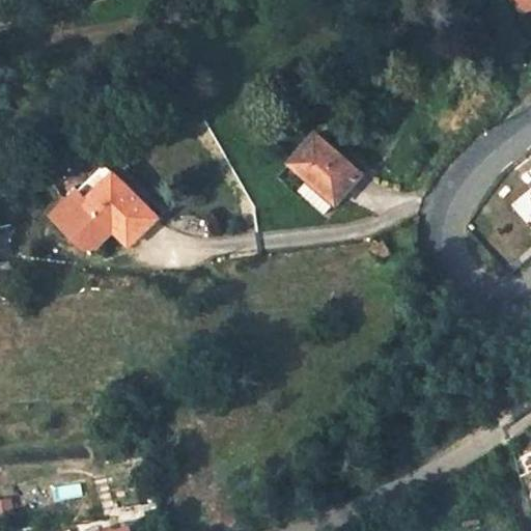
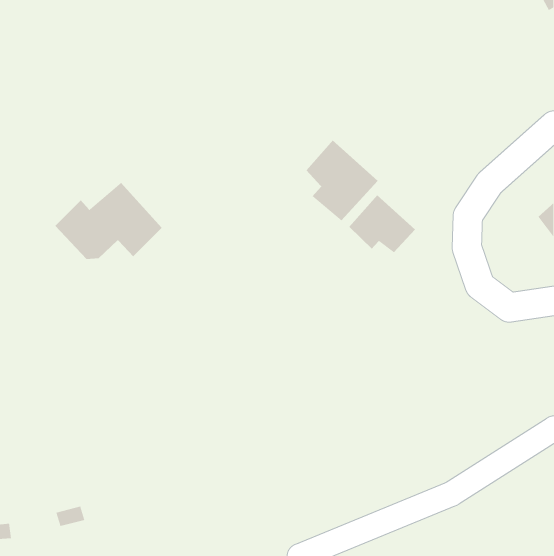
building: none -> [348,195,416,253]

